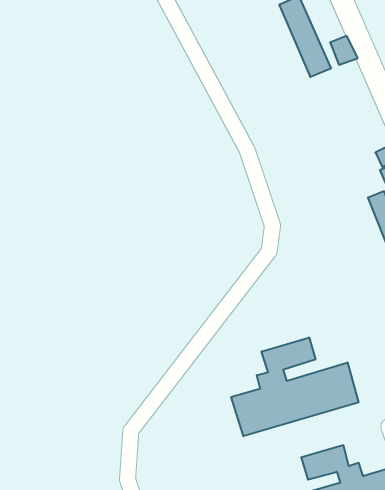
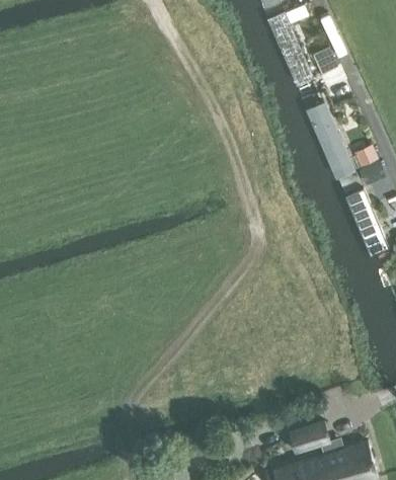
building: none -> [304,100,355,179]
building: [231,337,359,436] -> none

